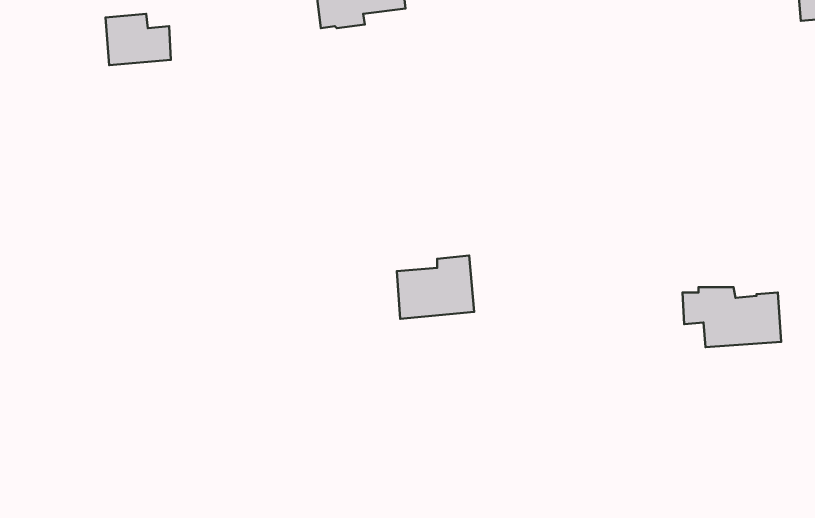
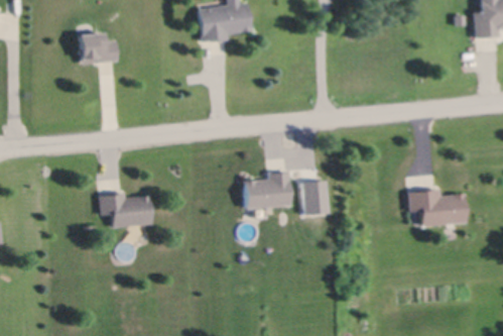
building: none -> [299,181,325,214]
building: none -> [99,193,151,226]

